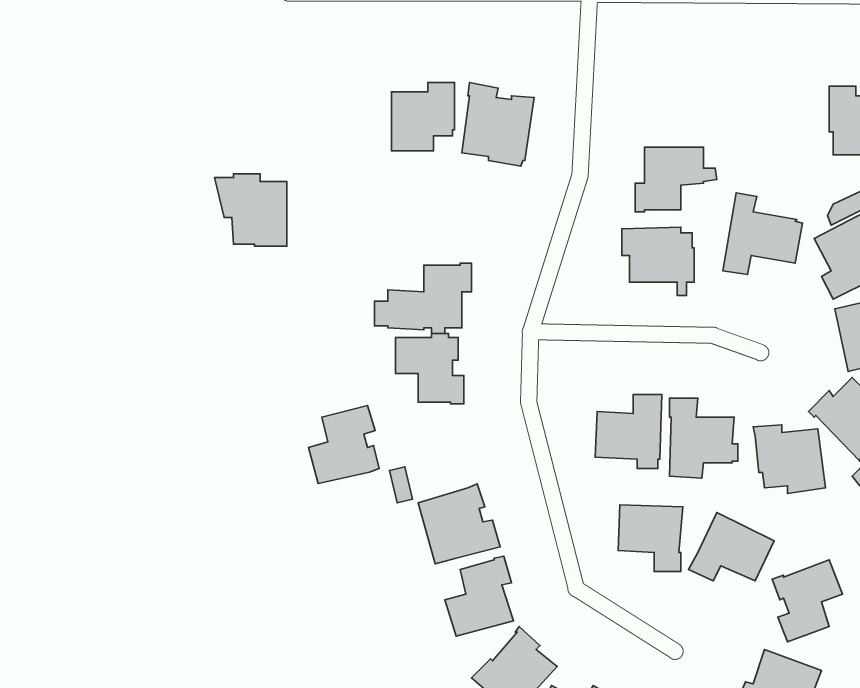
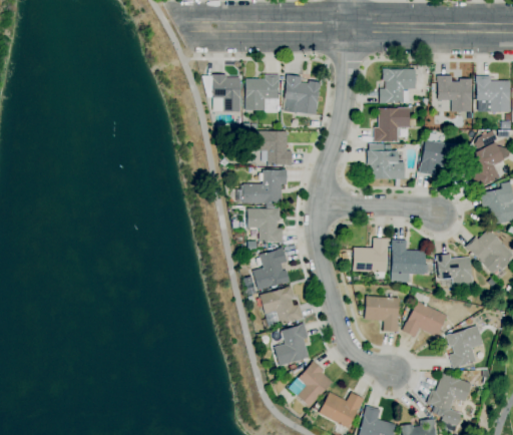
building: none -> [380,68,416,104]
building: none -> [437,76,472,112]
building: [215,174,287,246] -> [202,74,240,112]
building: none -> [256,131,292,166]
building: [309,406,379,484] -> [252,249,290,290]

